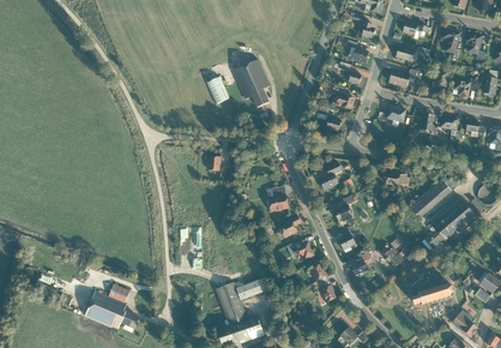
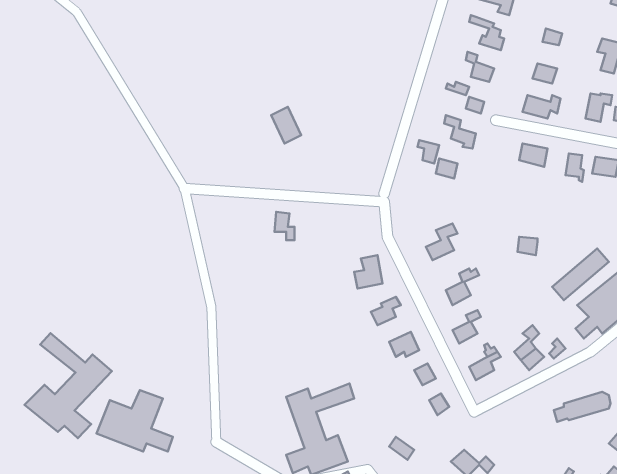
building: [234,62,272,108] -> none
building: none -> [24,333,112,438]

